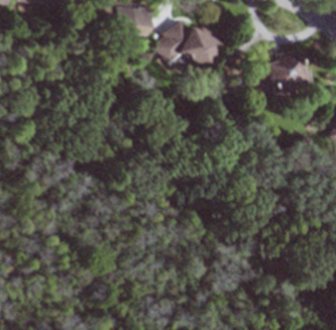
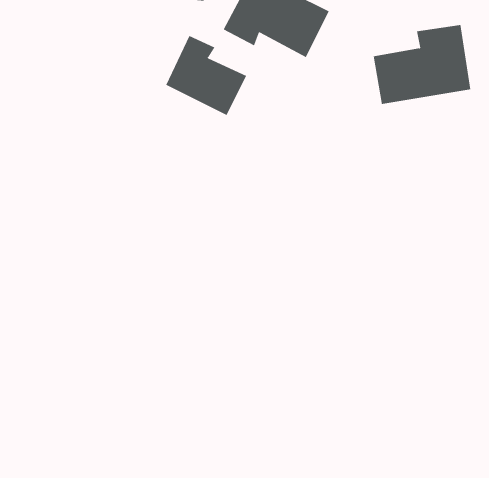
building: none -> [165,35,247,116]

